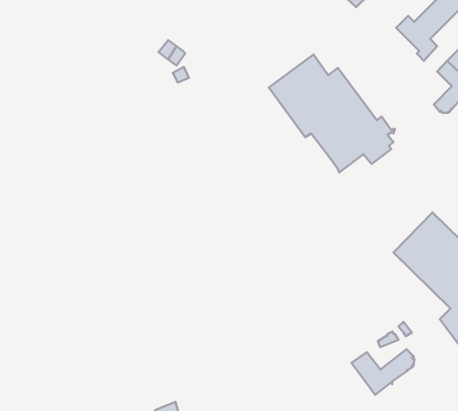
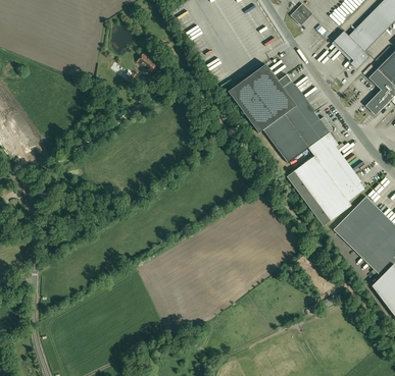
building: none -> [286,144,363,225]
building: [351,349,415,395] -> none

